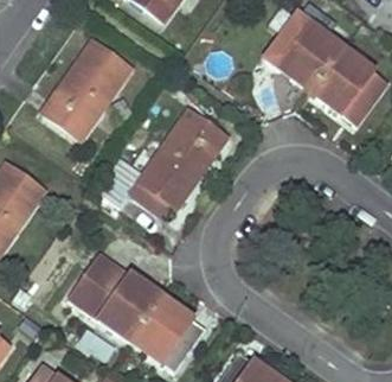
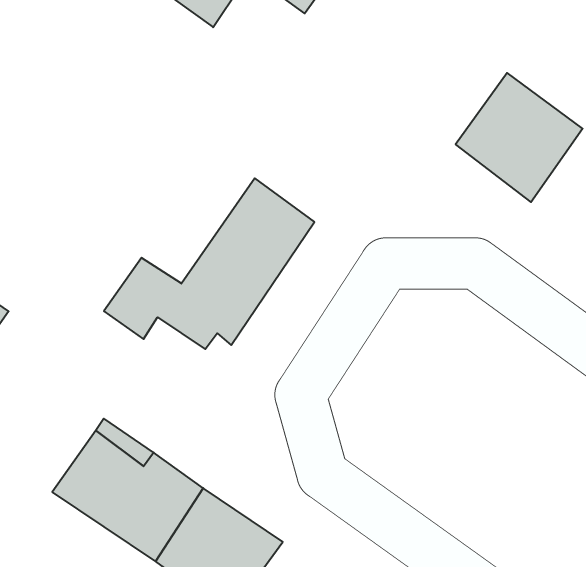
building: [266,14,341,89] -> none
building: [45,39,131,136] -> none

